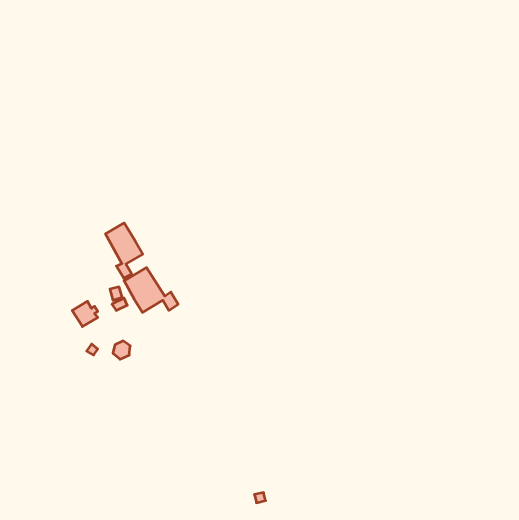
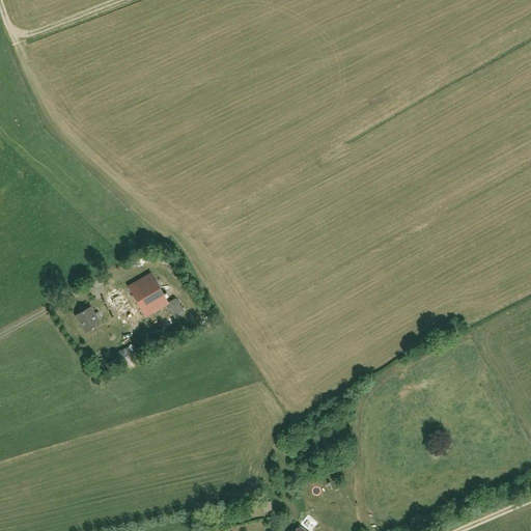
building: [106,223,143,278] -> none

